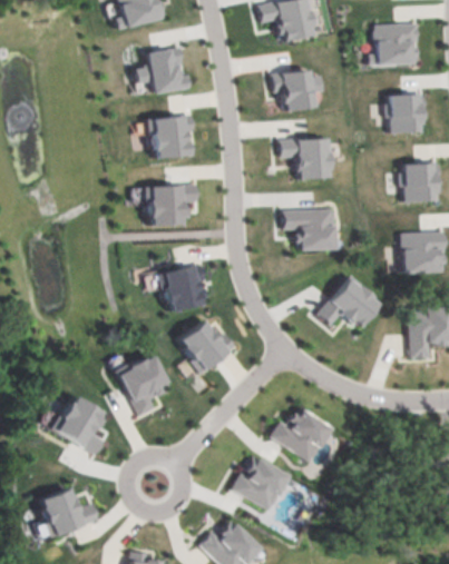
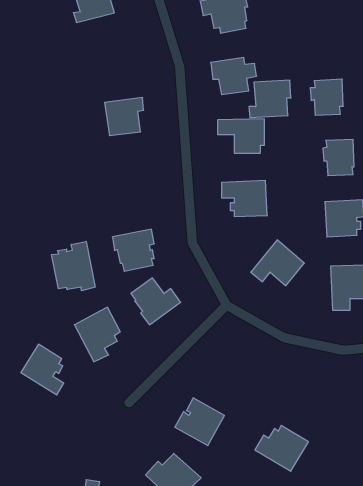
building: [370,23,418,66] -> [249,80,291,117]
building: [137,48,189,93] -> none
building: [148,185,201,226] -> none
building: none -> [52,241,95,291]
building: [270,409,331,462] -> [255,425,308,471]
building: [39,487,98,540] -> none

